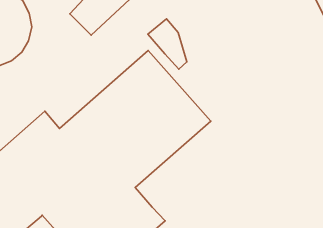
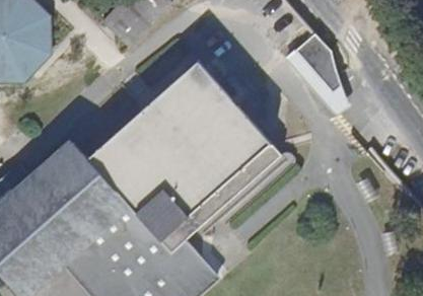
building: [148,19,187,69] -> [292,30,341,93]

